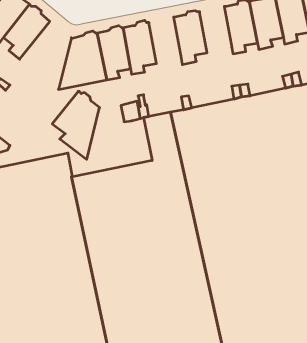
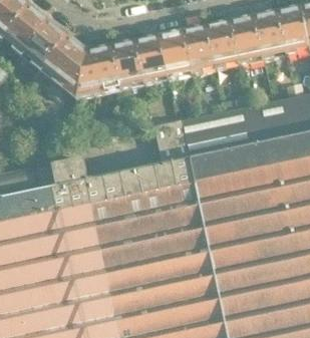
building: none -> [203,20,233,70]
building: none -> [156,30,186,80]
building: [52,91,100,159] -> [39,35,83,98]

